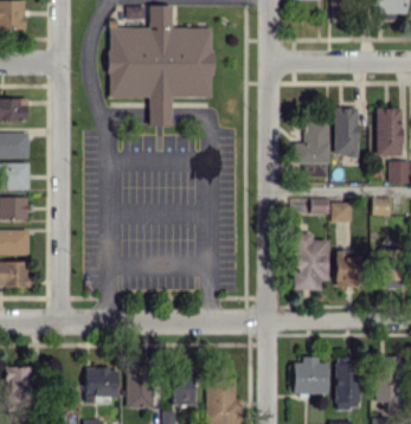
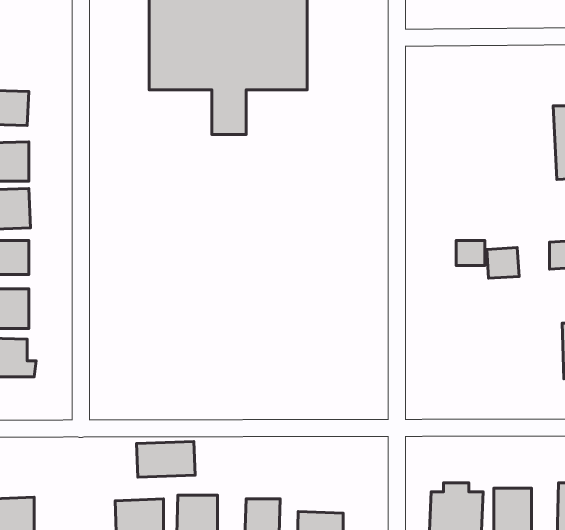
building: [335,107,359,155] -> none
building: [297,121,330,176] -> none
building: [295,233,329,290] -> none
building: [335,250,362,287] -> none
building: none -> [137,442,195,477]

